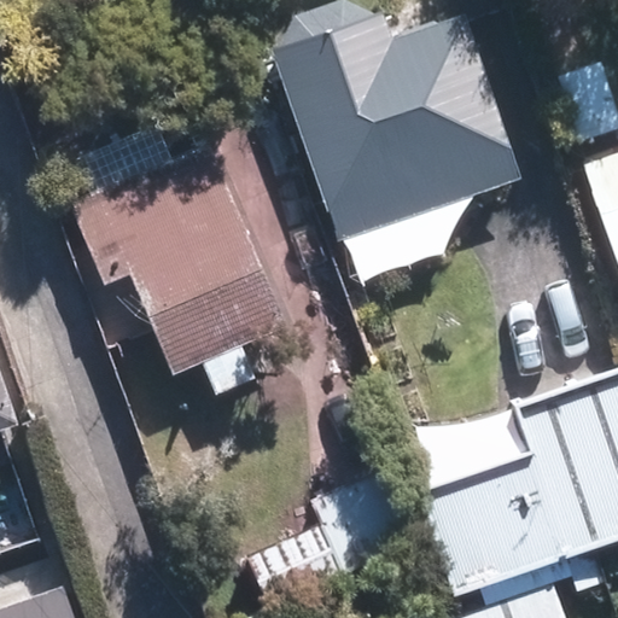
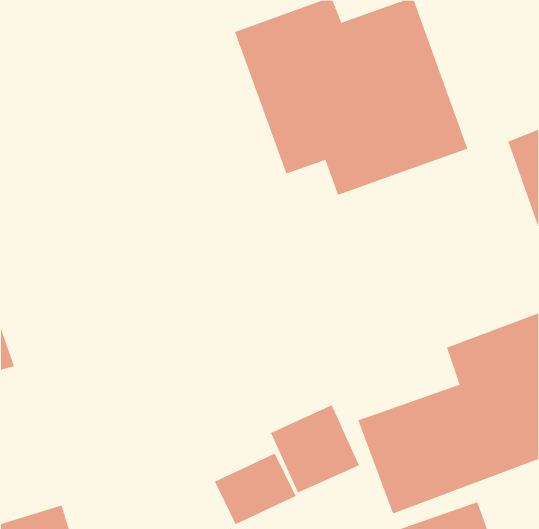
building: [68,148,285,377] -> none

